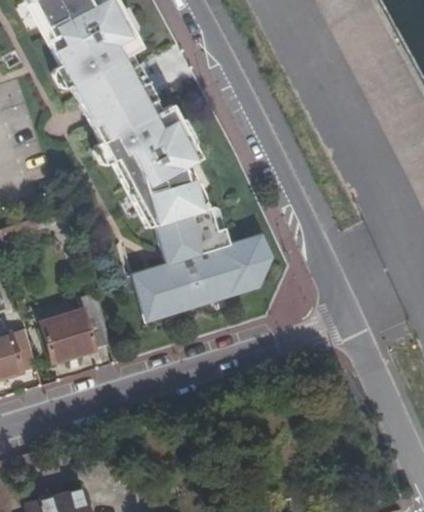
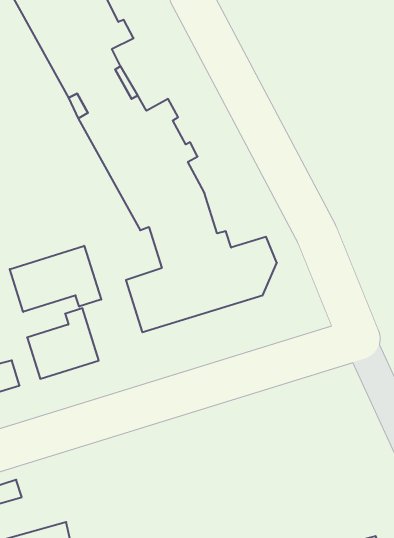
building: none -> [10,246,101,312]

